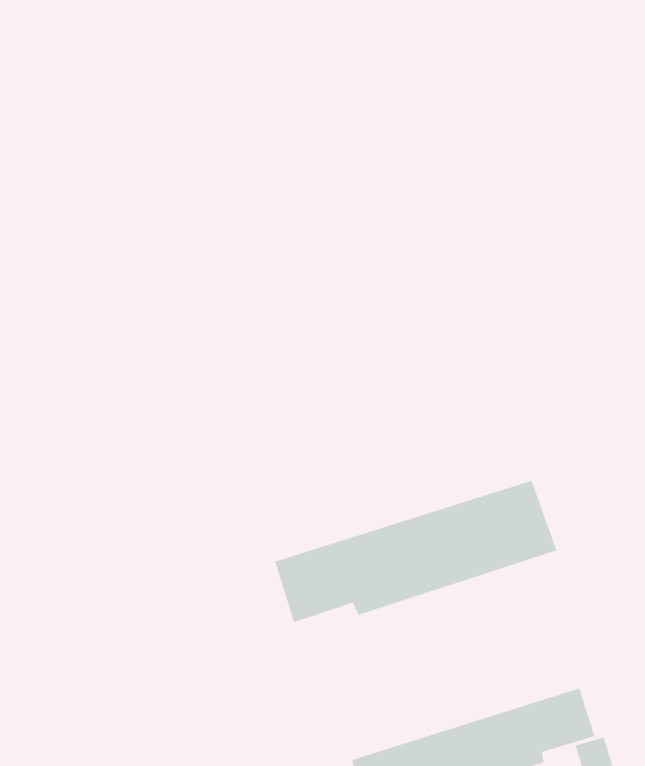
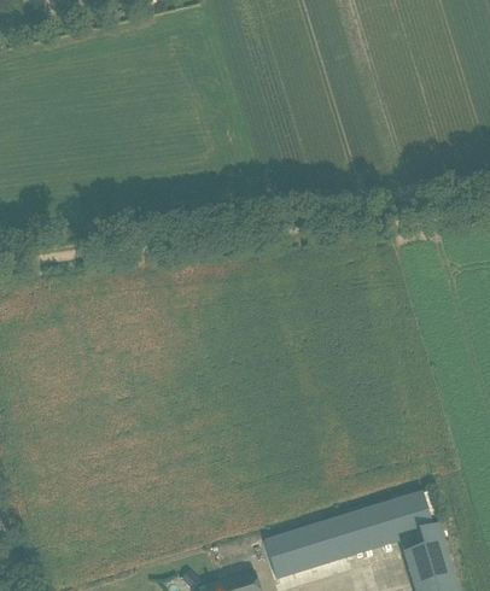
building: [274,480,557,623] -> none

